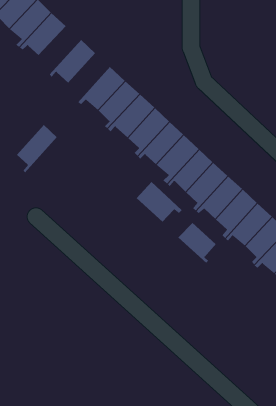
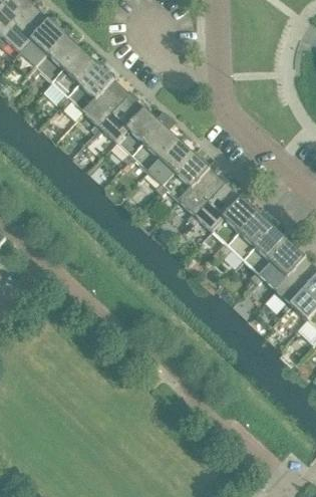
building: none -> [51,48,97,100]
building: [16,124,58,173] -> [83,77,128,131]
building: [136,181,183,223] -> none
building: [178,222,216,264] -> none

